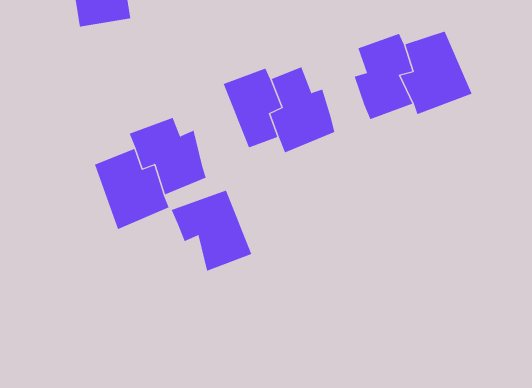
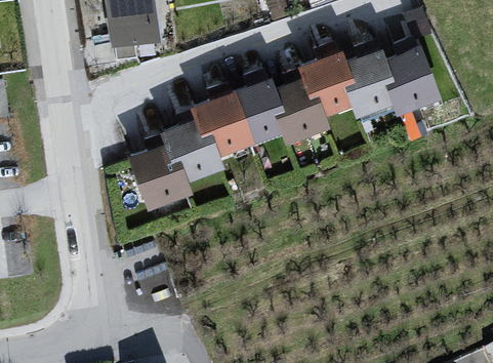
building: none -> [295,50,353,118]
building: [171,190,252,272] -> [188,90,255,158]

